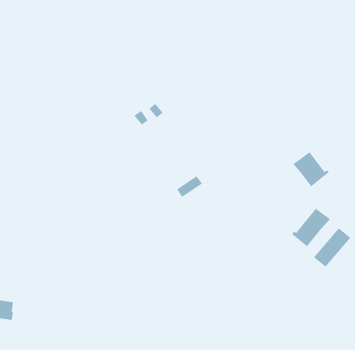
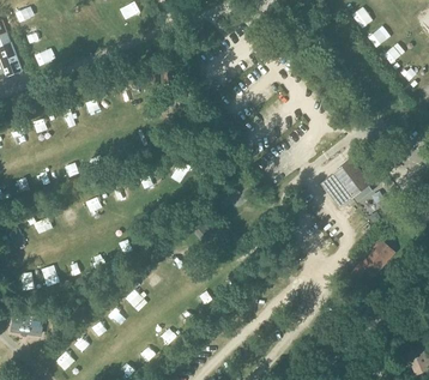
building: [291,208,331,247] -> none

